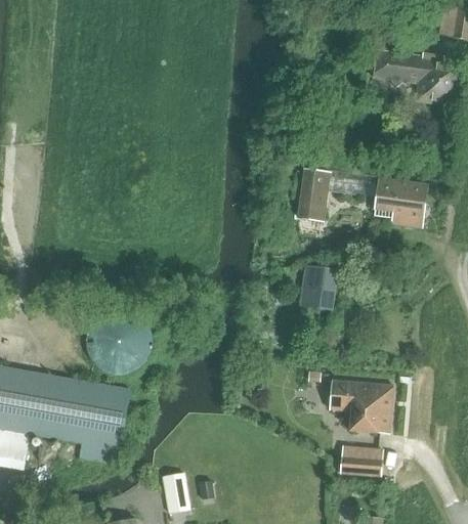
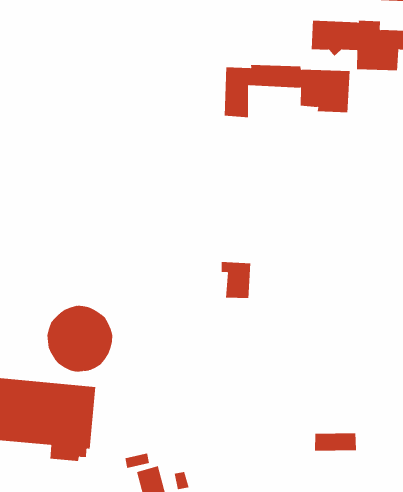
building: [298,169,427,225] -> [224,65,351,118]
building: [304,267,335,306] -> [221,262,251,299]
building: [329,379,392,433] -> none

